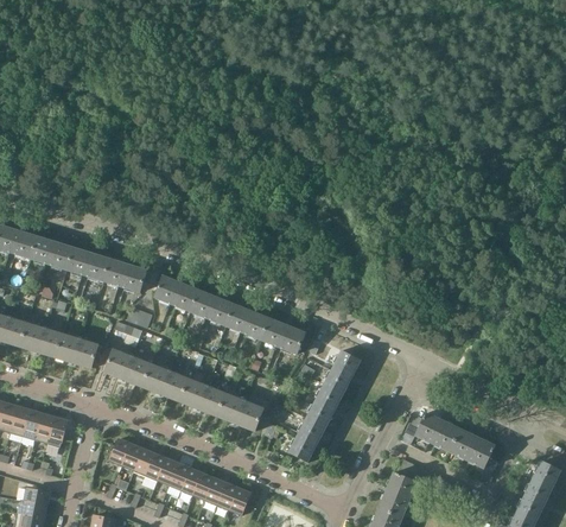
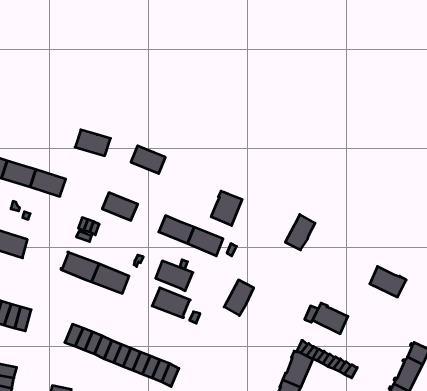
building: [103,259,147,291] -> [75,130,111,156]
building: none -> [211,191,242,226]
building: [191,290,234,324] -> [131,146,165,174]
building: [57,334,100,367] -> none
building: [324,349,361,393] -> [285,214,315,250]
building: [180,379,227,415] -> [156,261,193,291]
building: [288,417,325,462] -> none
building: [450,428,495,466] -> [370,266,406,297]

